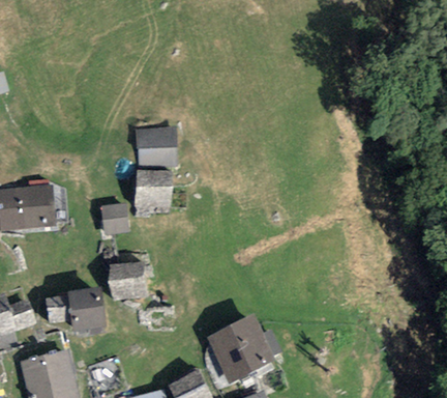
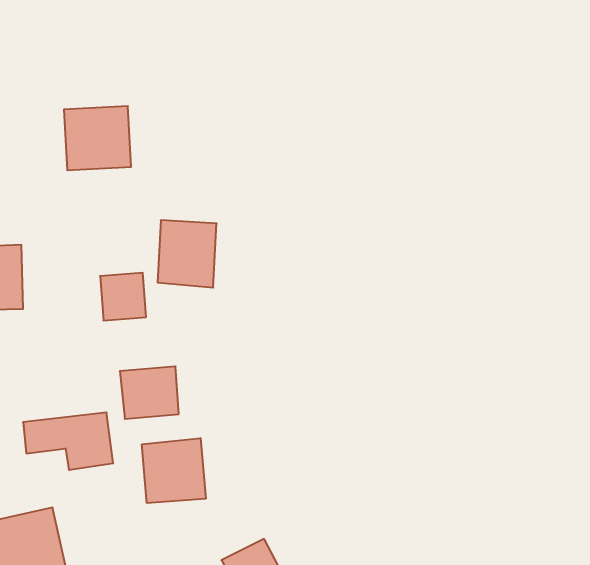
building: [131,127,174,168] -> [64,106,131,170]
building: none -> [142,438,206,503]
building: [215,317,276,377] -> none

